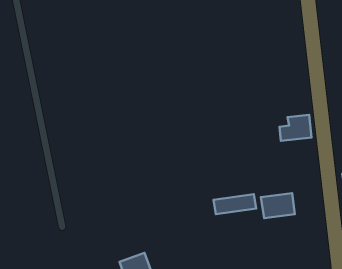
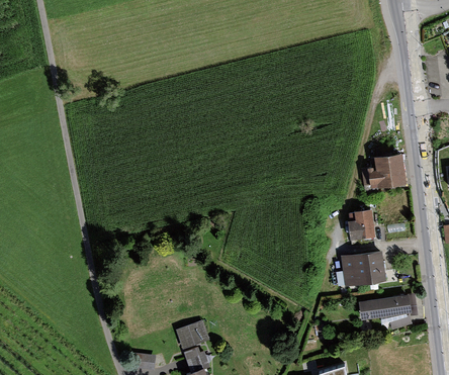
building: none -> [350,210,373,238]
building: [214,194,256,214] -> [359,295,413,320]

